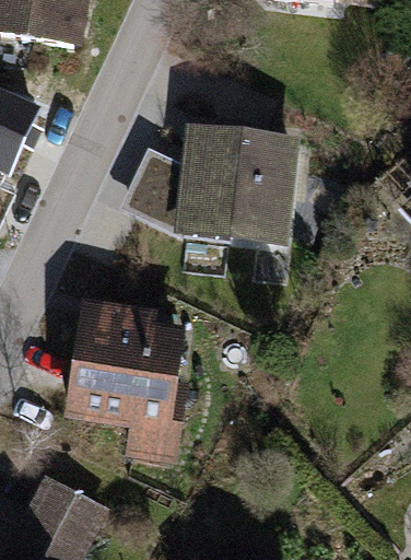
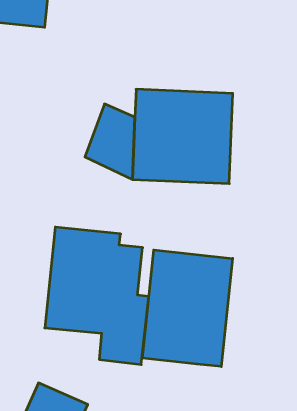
building: none -> [142,250,233,367]

